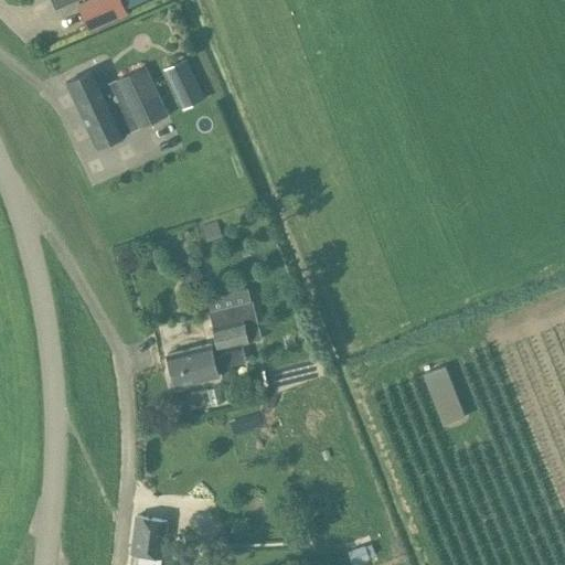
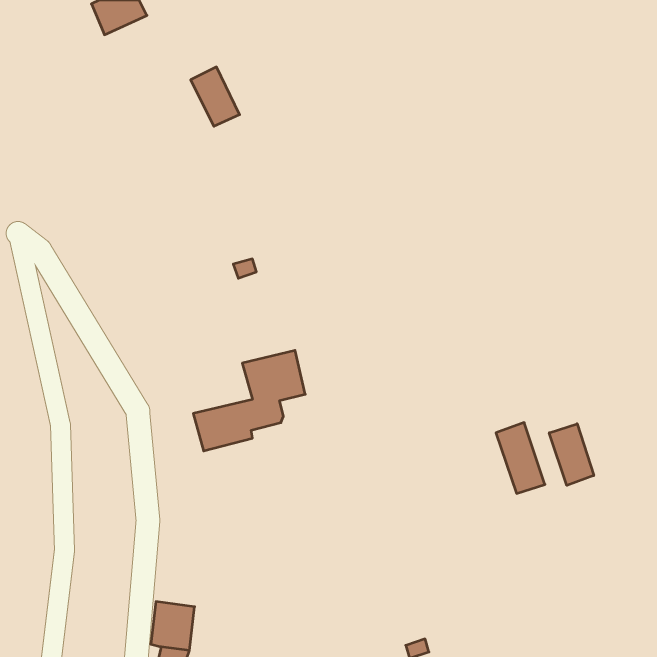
building: [65,66,168,149] -> none
building: none -> [549,424,594,485]

